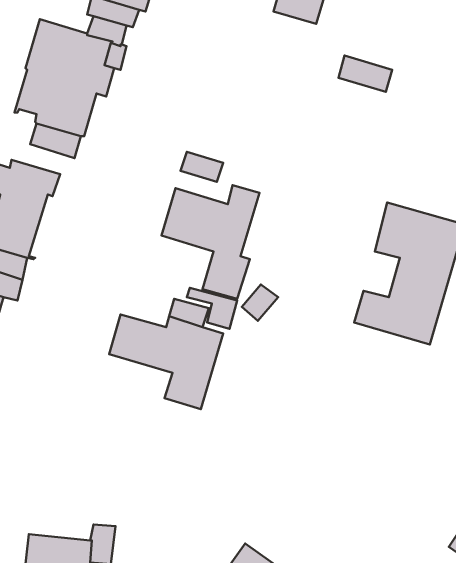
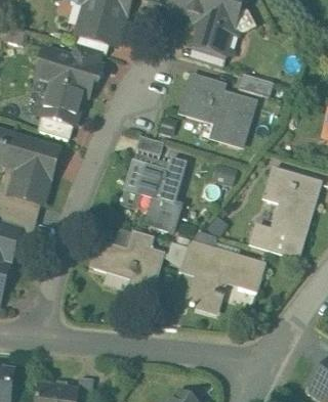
building: none -> [181,75,254,144]
building: none -> [179,239,266,308]

